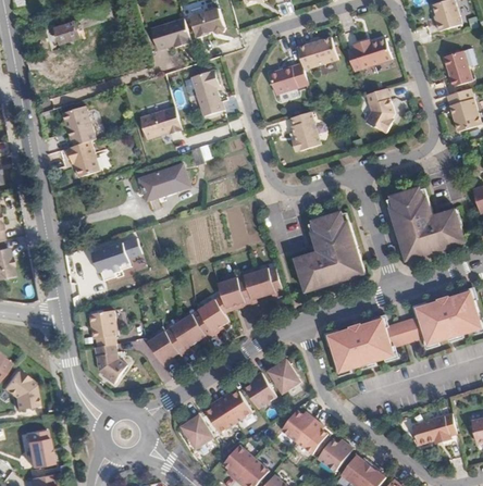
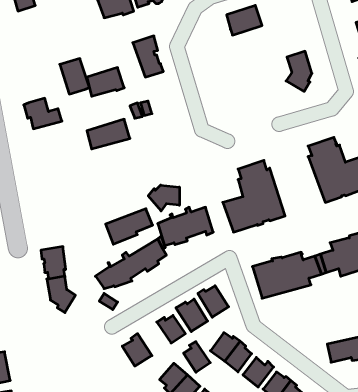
building: [355,40,393,70] -> none
building: [270,64,309,96] -> none
building: [62,108,96,148] -> [60,59,89,94]
building: [292,113,323,153] -> none
building: [95,237,148,277] -> [106,209,153,244]
building: none -> [148,185,179,211]
building: [205,397,235,432] -> [184,342,210,372]

